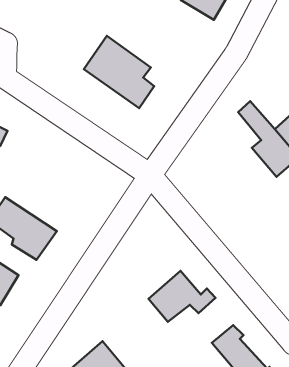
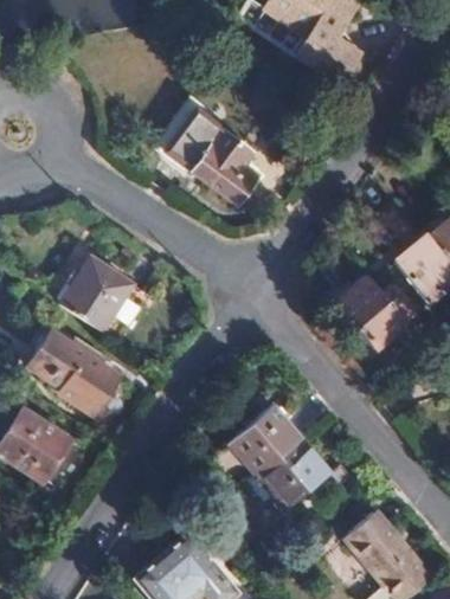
building: none -> [62,257,148,342]
building: none -> [335,276,409,352]
building: none -> [223,401,297,474]

